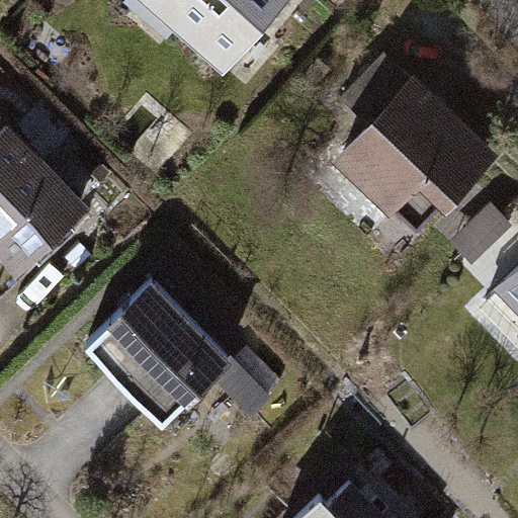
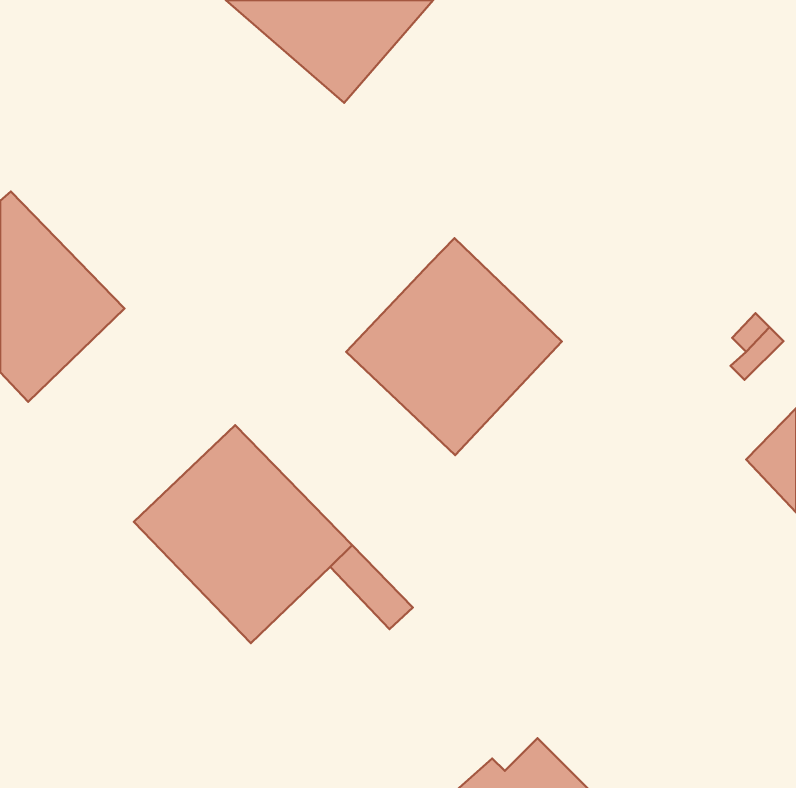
building: [342,56,488,228] -> none
building: none -> [346,238,562,455]

